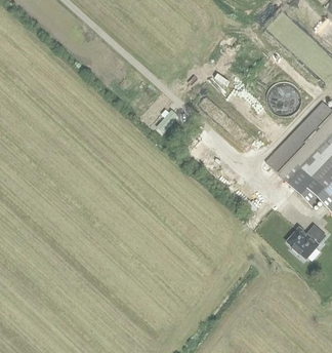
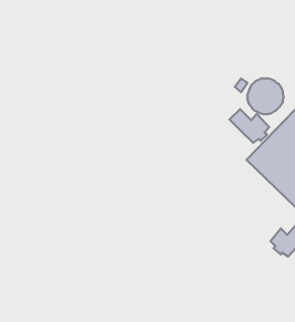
building: none -> [230,109,269,143]

